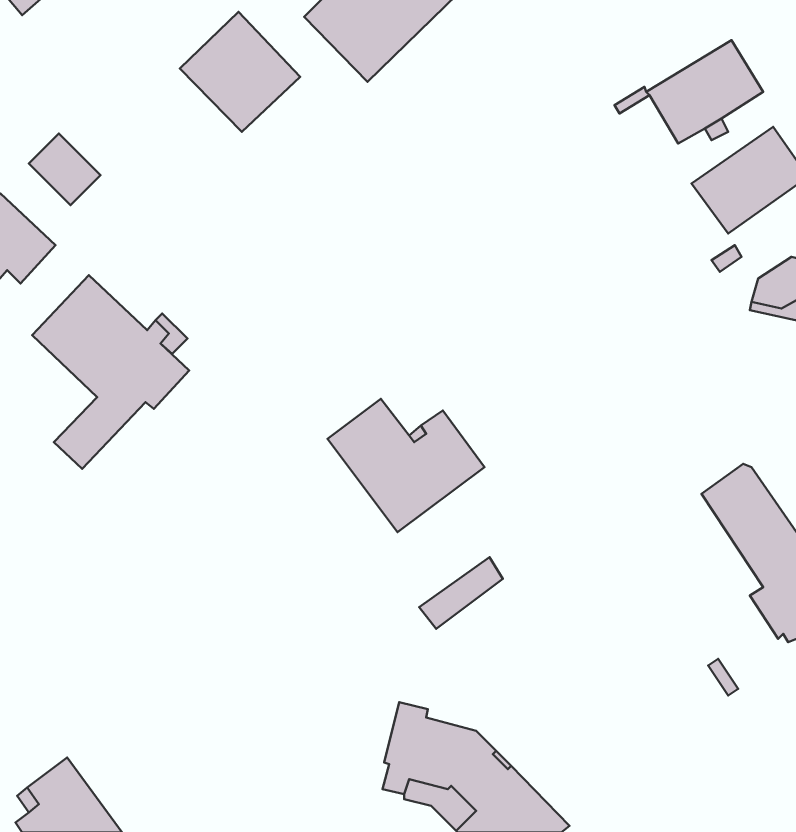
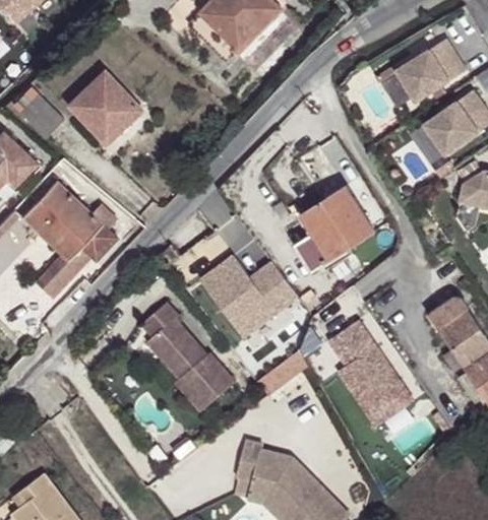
building: [180,12,300,132] -> [67,70,140,143]
building: none -> [293,185,375,271]
building: none -> [141,302,235,411]
building: none -> [329,323,412,428]

